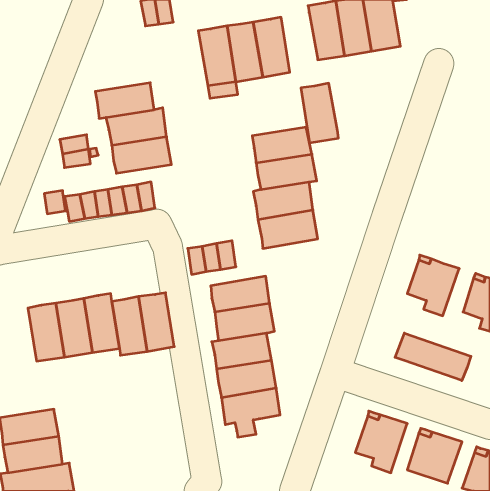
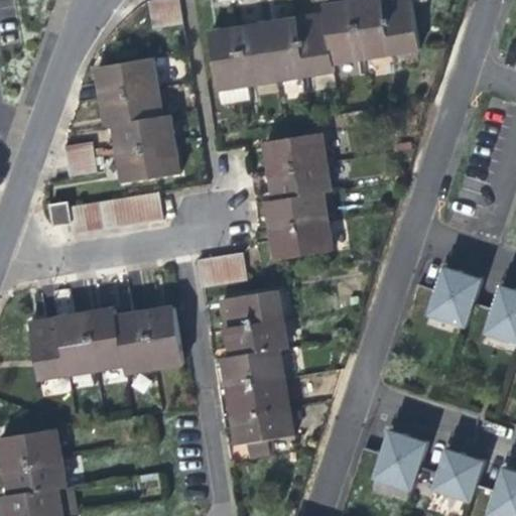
building: none -> [96,57,157,96]
building: [301,83,338,143] -> [294,13,334,76]
building: [395,333,471,381] -> none

